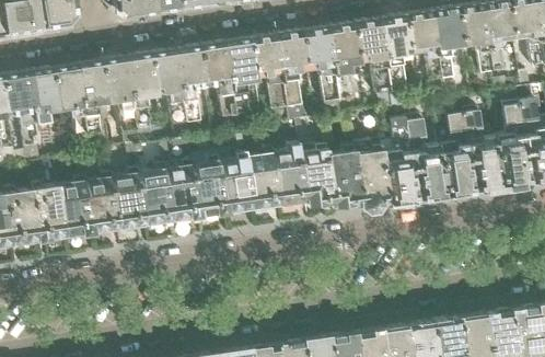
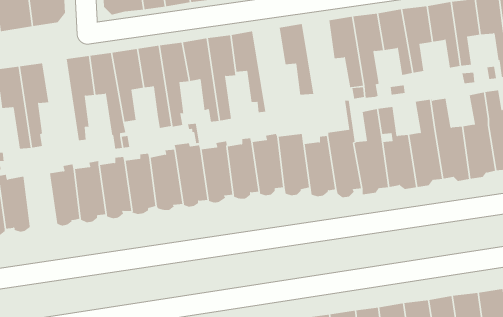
building: [327,23,360,101] -> none
building: [275,31,309,119] -> none
building: [54,64,91,151] -> none
building: [30,165,68,242] -> none

